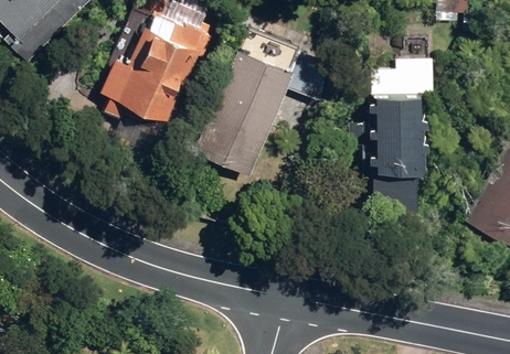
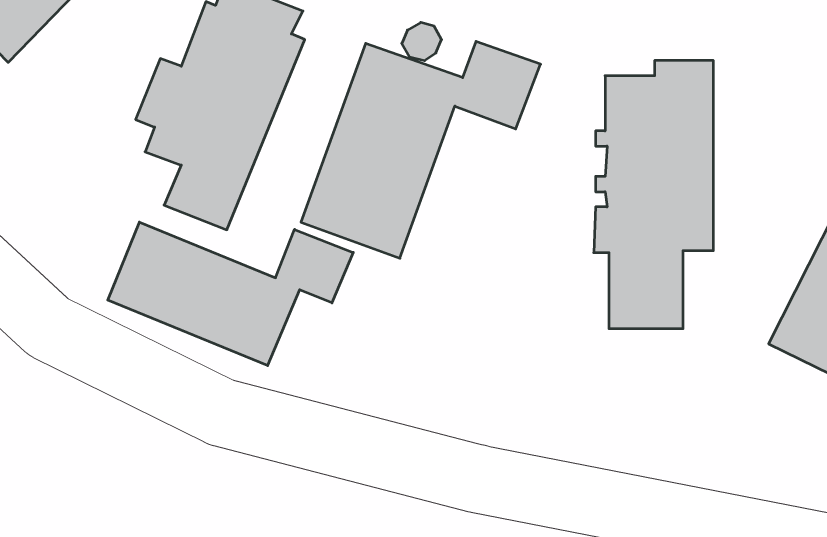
building: none -> [108,222,353,366]

